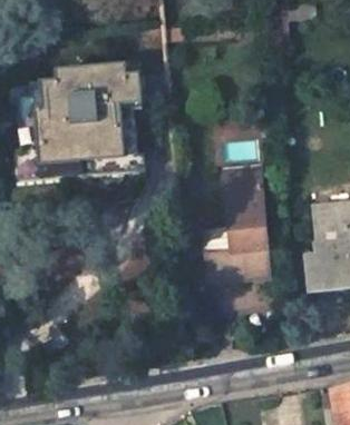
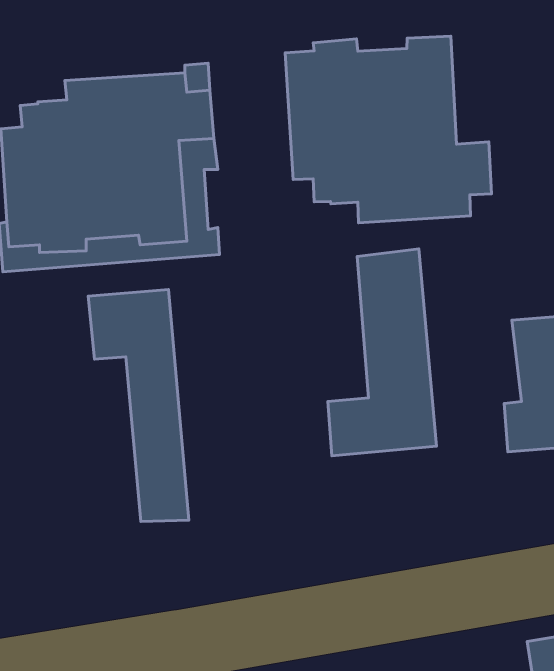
building: none -> [285,36,492,223]
building: none -> [88,289,189,522]

